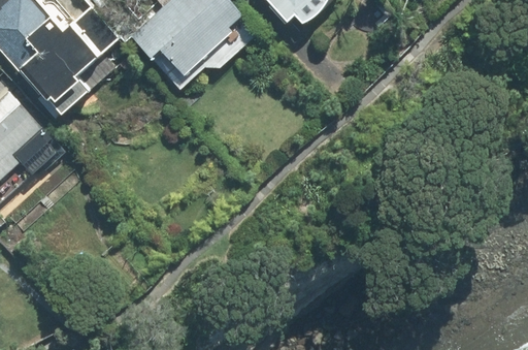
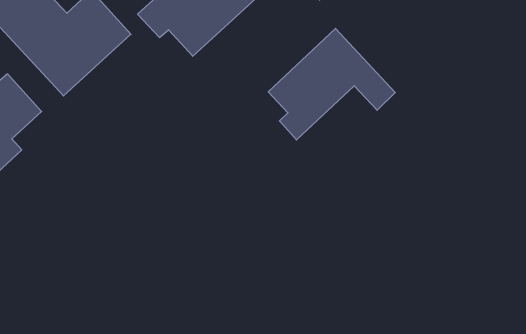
building: none -> [268,28,395,140]

